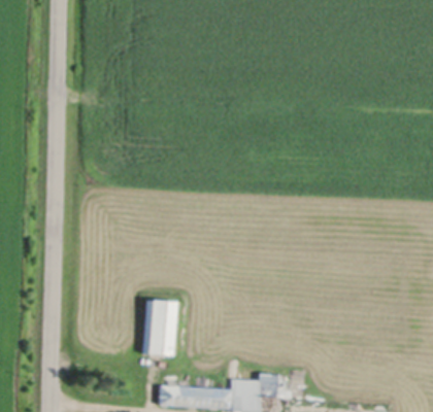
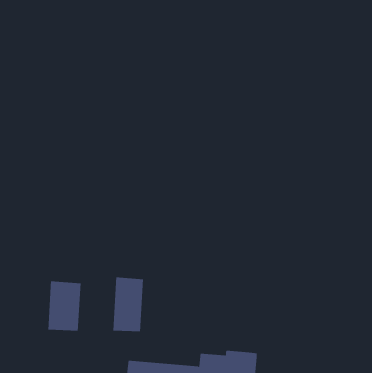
building: none -> [48,280,81,332]

